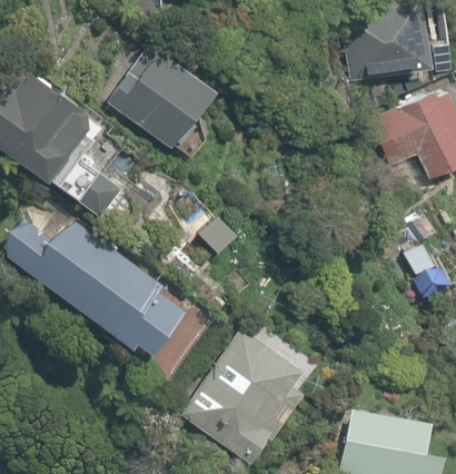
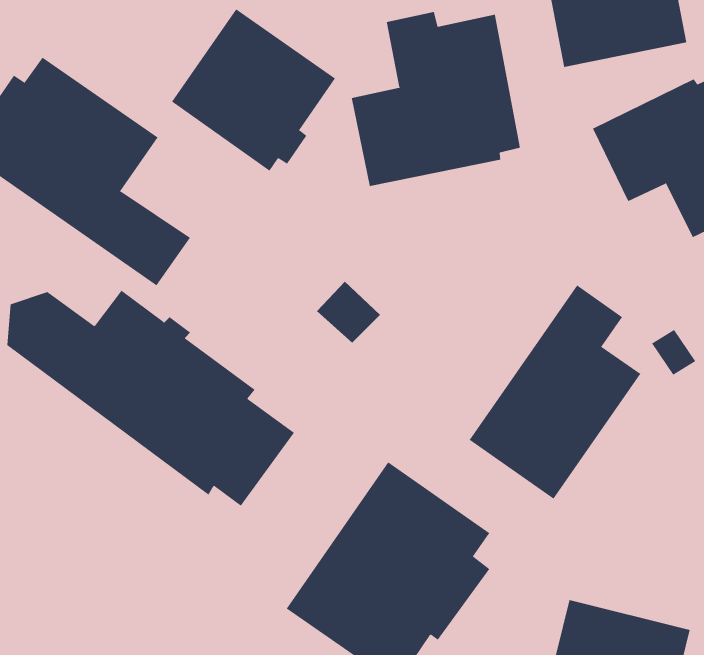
building: none -> [351,11,520,187]
building: none -> [469,285,641,500]

